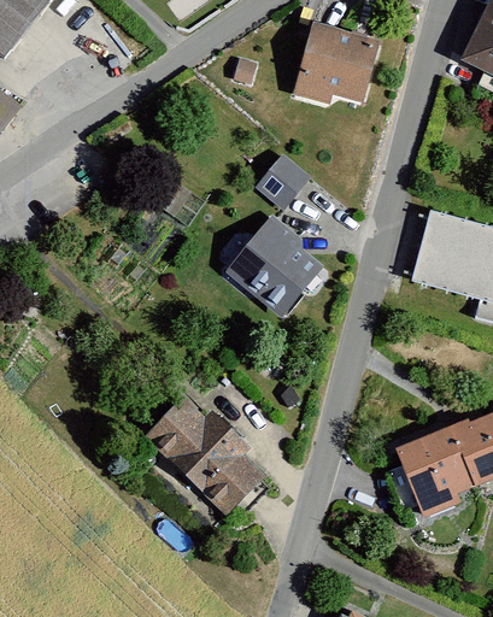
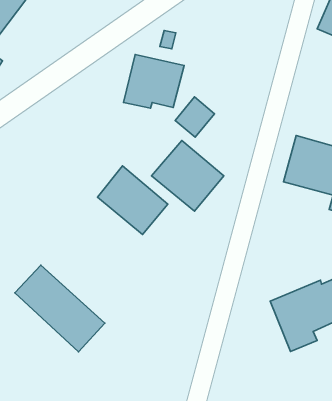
building: [293,25,380,102] -> [123,54,184,108]
building: none -> [97,166,168,234]
building: [135,395,264,519] -> [15,265,105,352]

